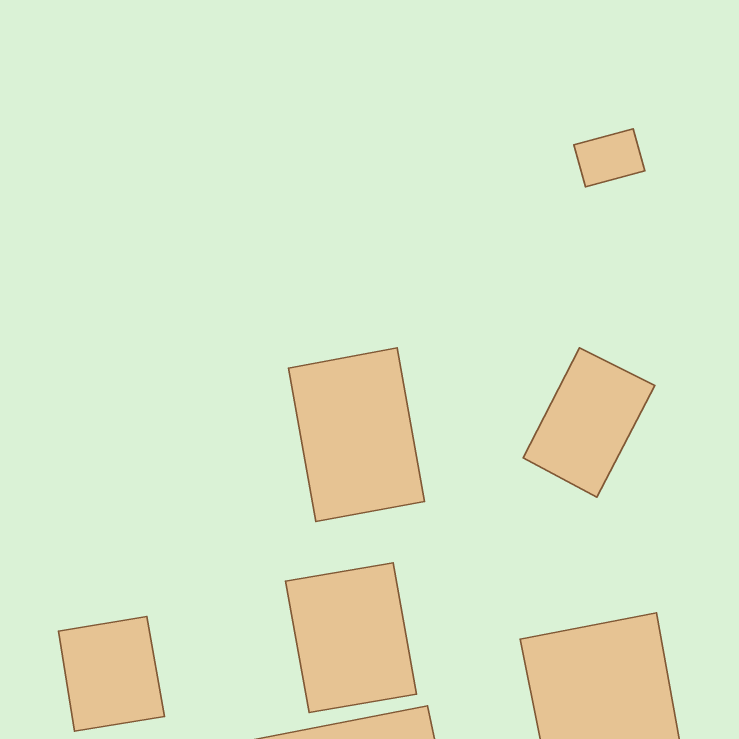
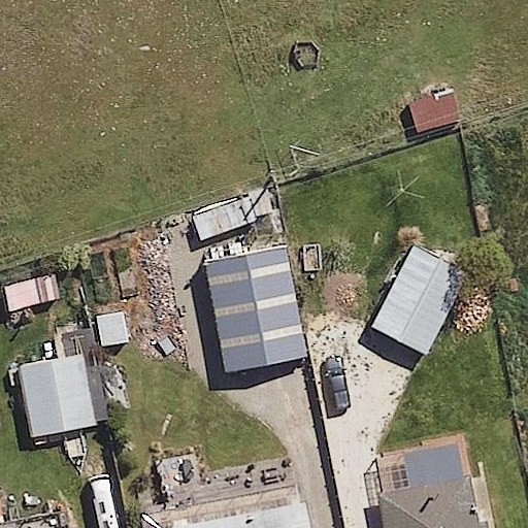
building: [286,563,417,713] -> none
building: [59,617,164,731] -> [20,355,95,436]

